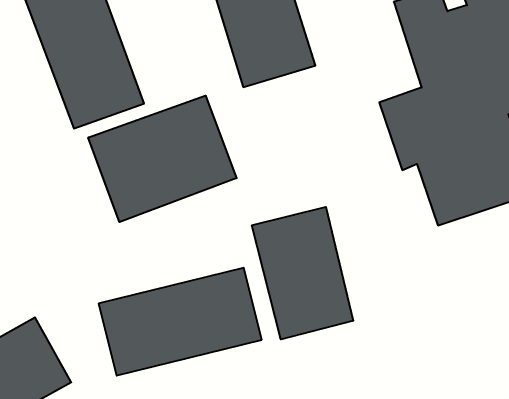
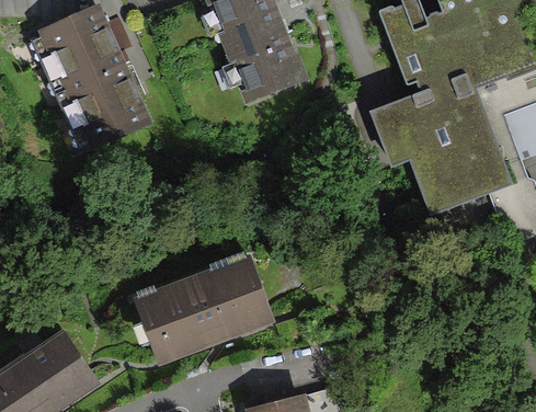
building: [88,96,237,222] -> none
building: [252,207,353,339] -> none

